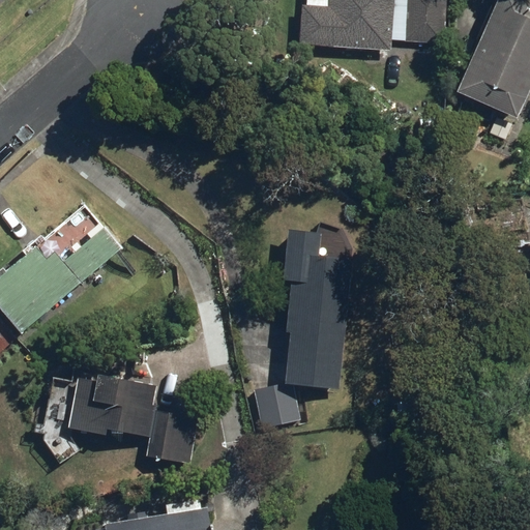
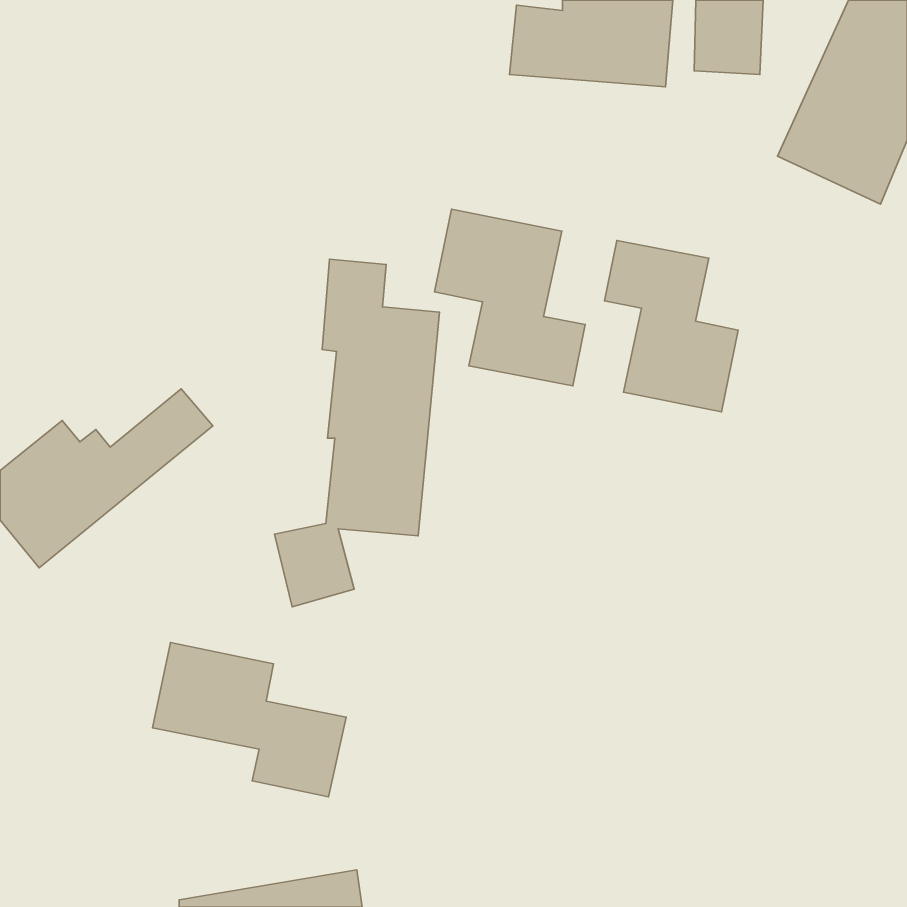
building: none -> [435,209,585,386]
building: none -> [605,240,738,412]
building: [254,227,350,430] -> [274,259,439,607]

